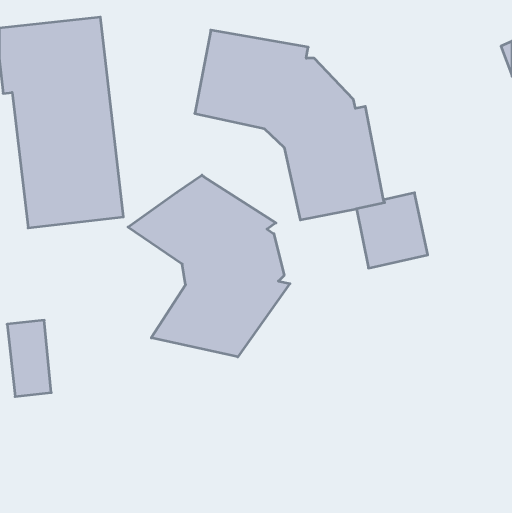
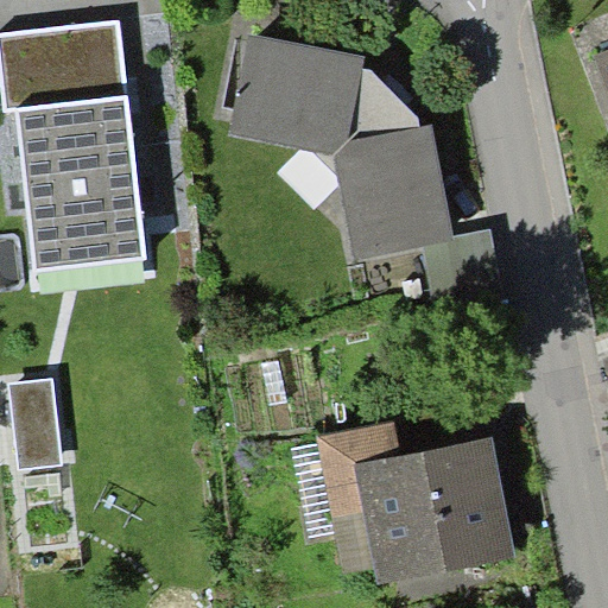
building: [128,175,290,357] -> none
building: none -> [316,423,514,583]

